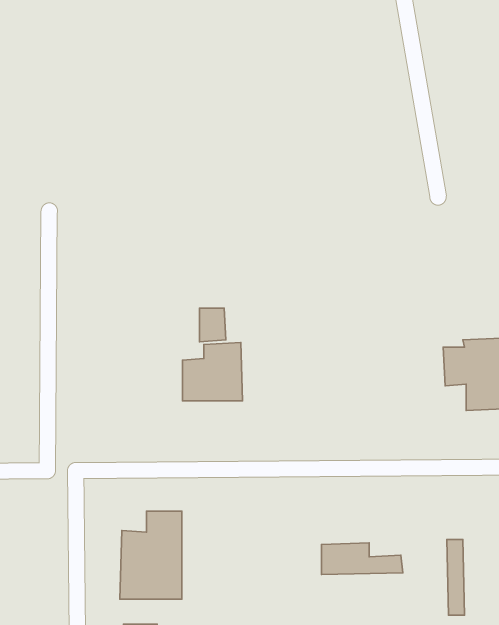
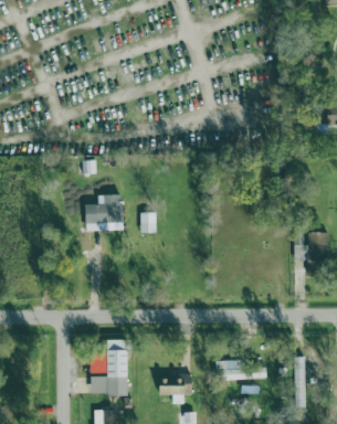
building: [182,343,243,401] -> [86,193,124,230]
building: none -> [159,373,192,404]

